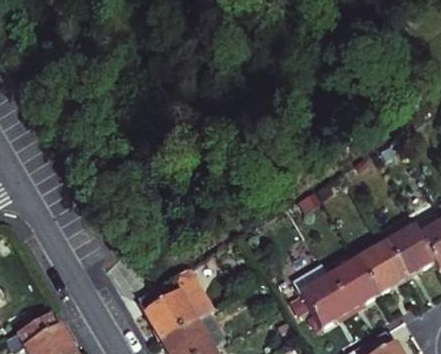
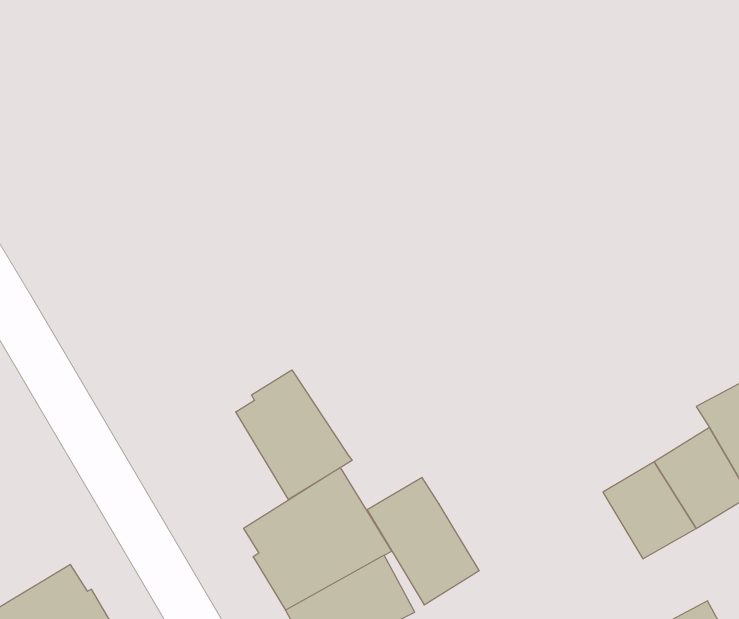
building: none -> [236,370,352,499]
building: [289,262,348,329] -> [367,477,479,605]

